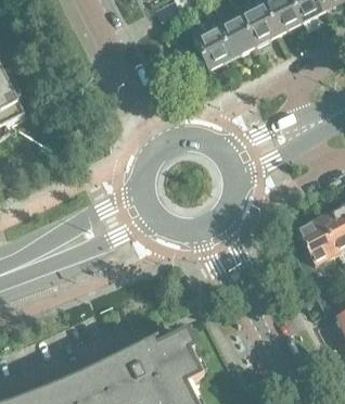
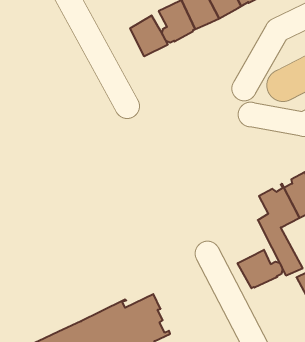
building: none -> [130,15,168,56]
building: none -> [238,250,283,288]

